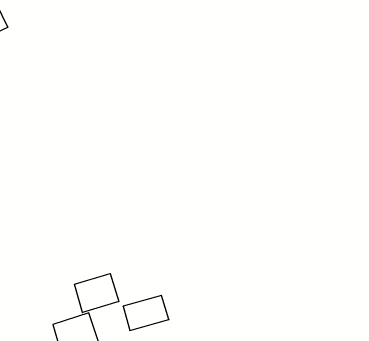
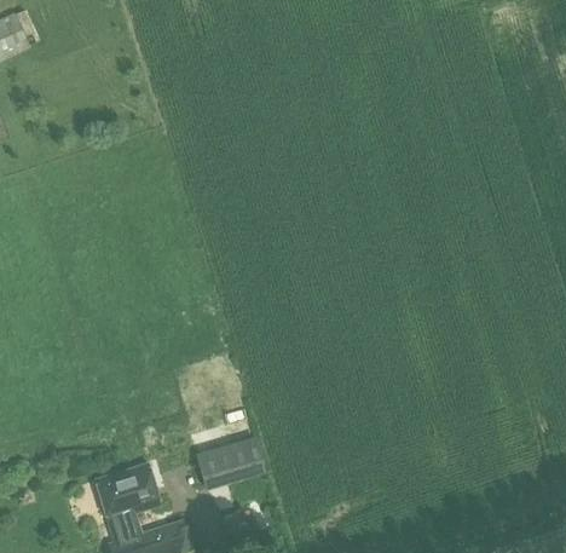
building: [75,274,119,313] -> none

